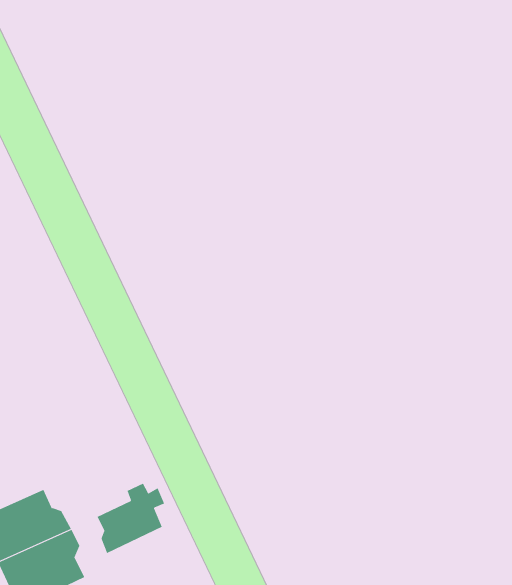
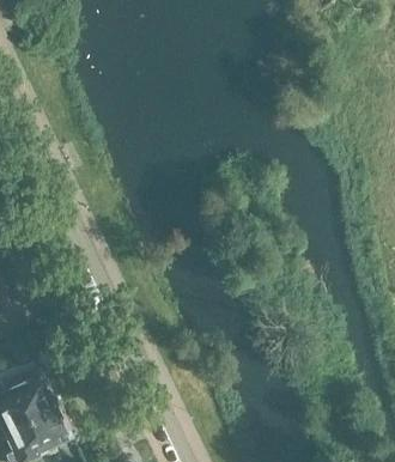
building: [97,483,165,554] -> none

